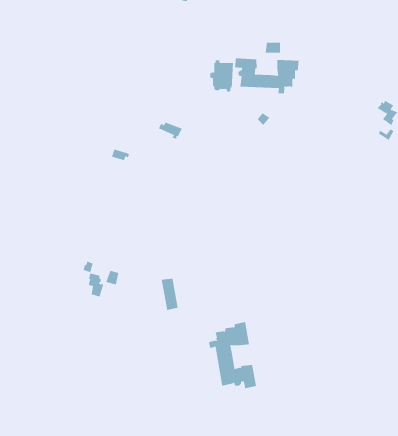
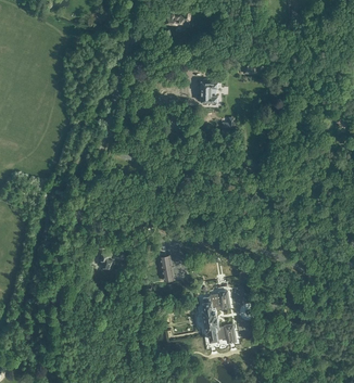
building: [235,57,299,94] -> none

